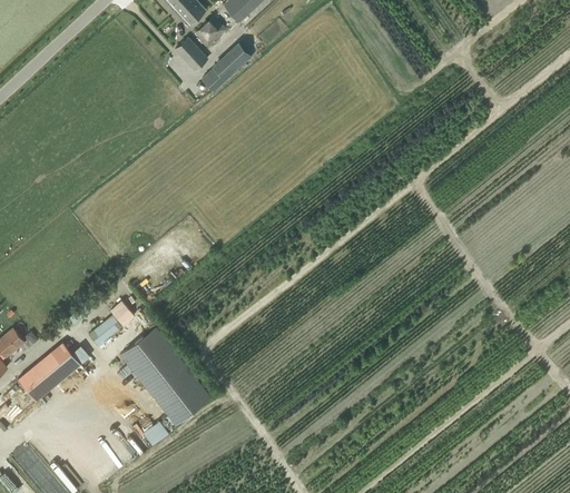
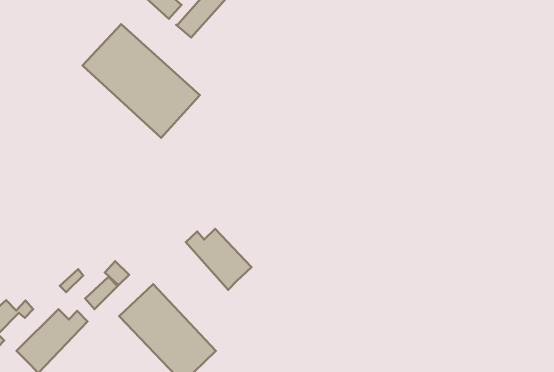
building: none -> [83,24,200,138]
building: none -> [186,229,252,290]

